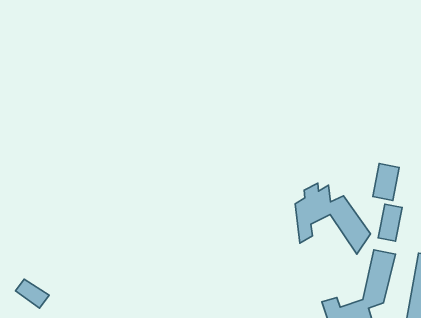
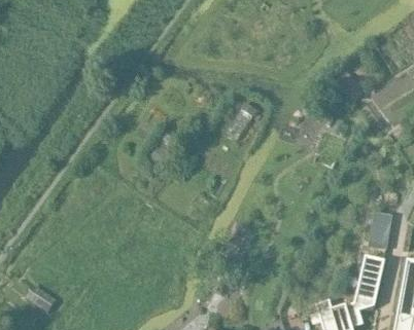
building: [373,164,399,200] -> none
building: [295,183,371,254] -> none

